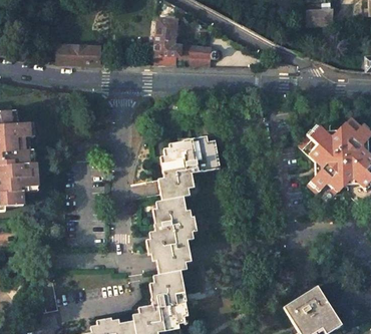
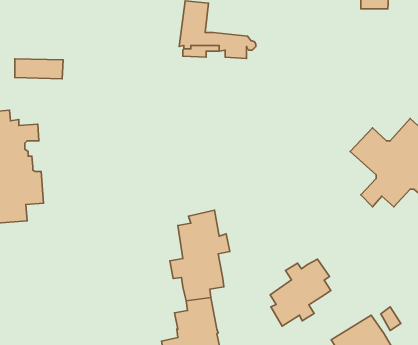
building: [58,47,99,64] -> [15,59,63,79]
building: [158,136,221,202] -> none
building: none -> [270,259,331,326]

